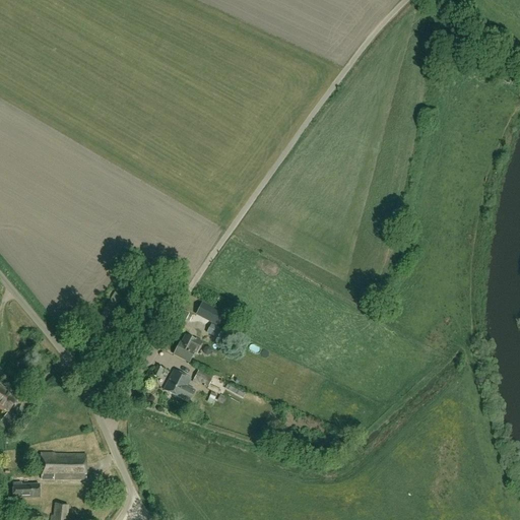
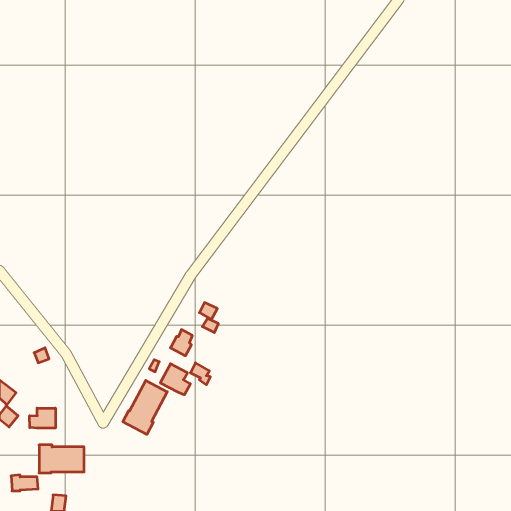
building: none -> [123,380,167,434]
building: none -> [30,408,55,428]

